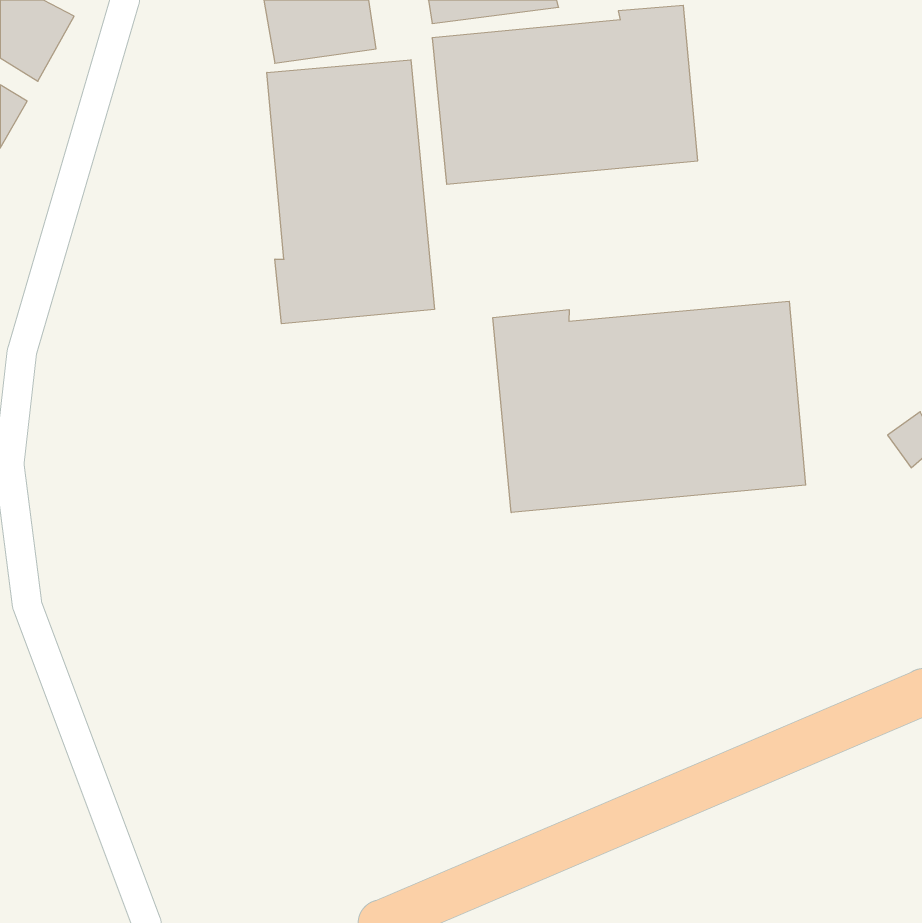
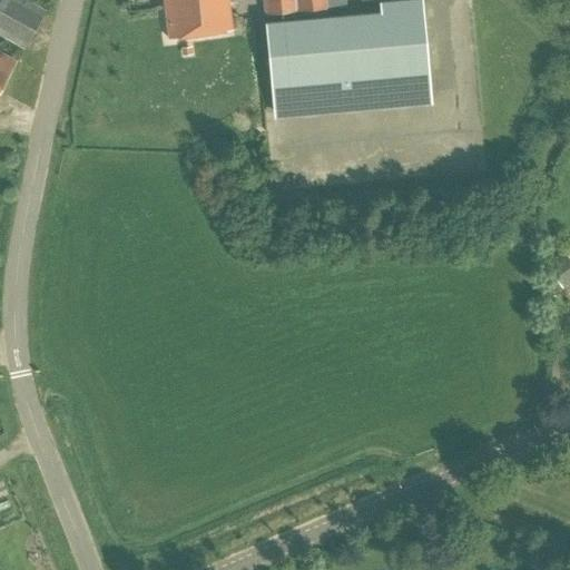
building: [267,60,434,324] -> none
building: [493,301,806,513] -> none

